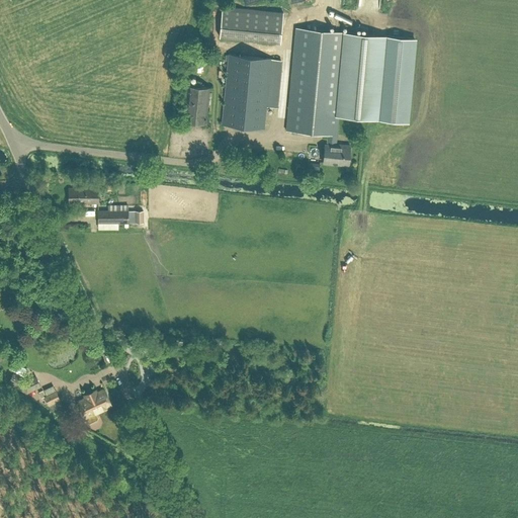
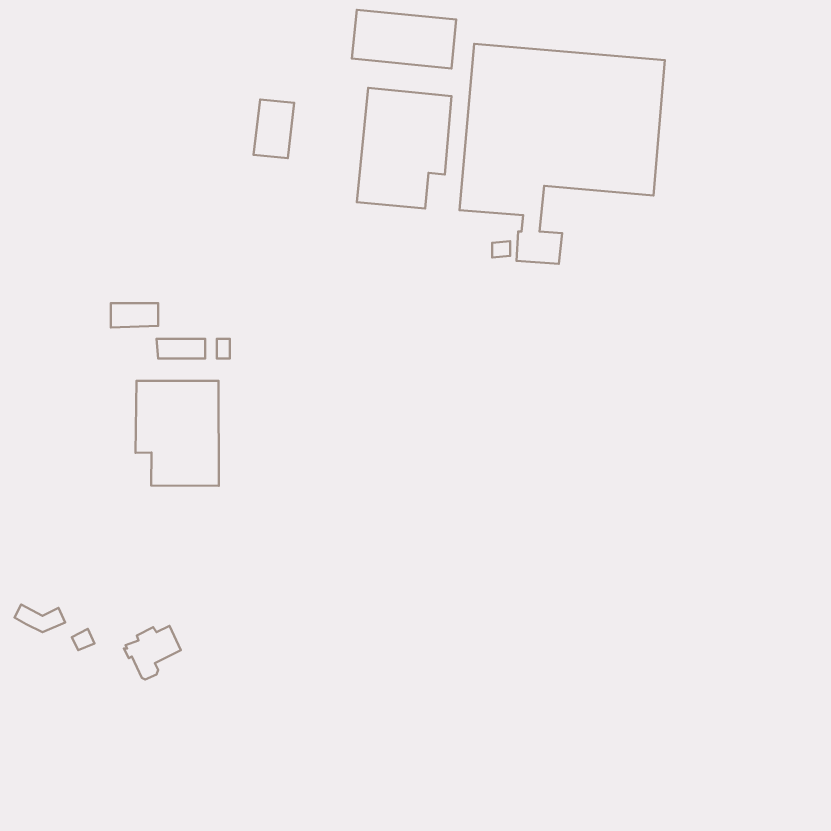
building: [184,87,209,123] -> [253,99,294,158]
building: none -> [135,381,219,486]

